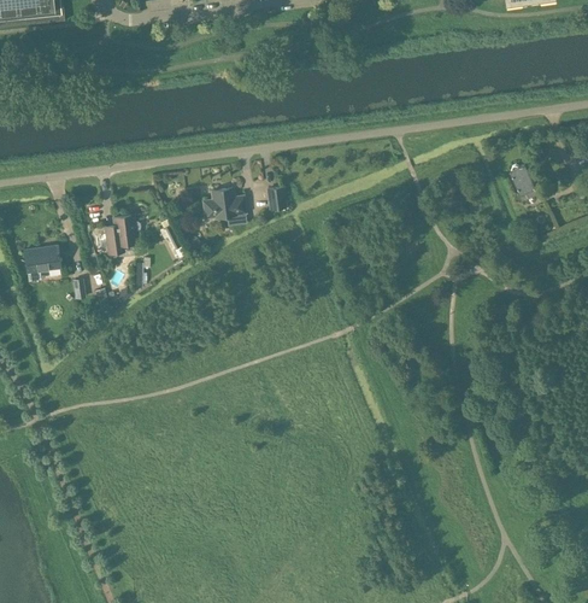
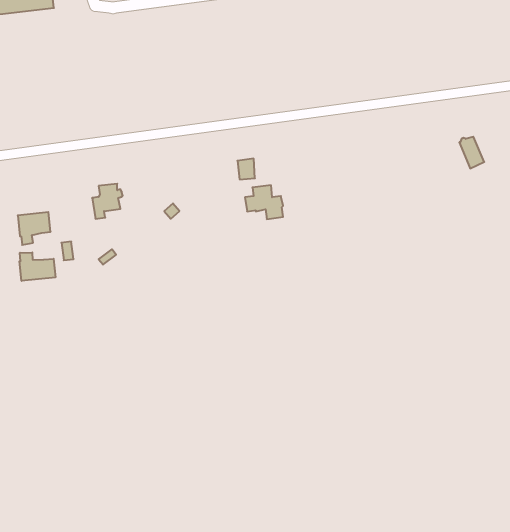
building: [201,186,243,223] -> [245,185,283,219]
building: none -> [19,252,55,281]

